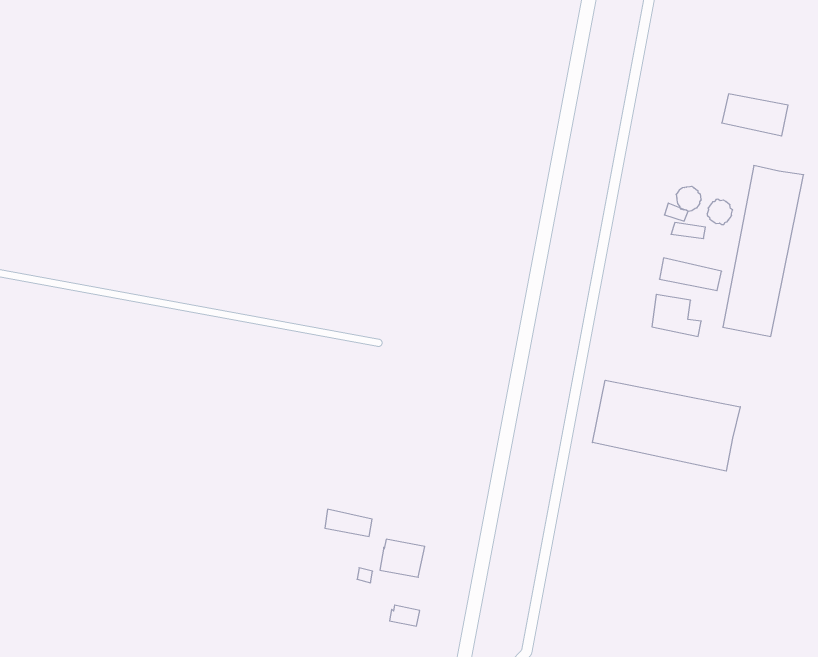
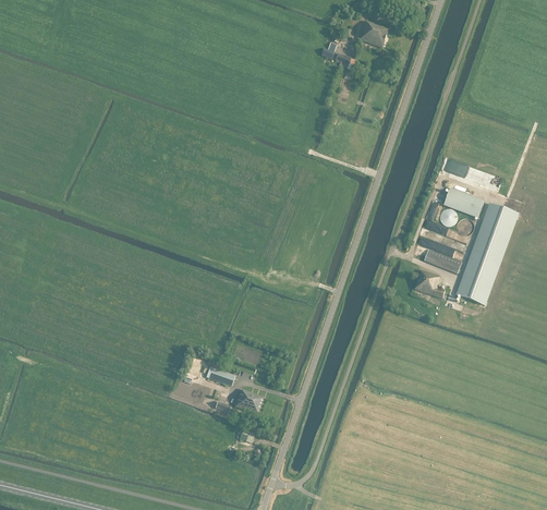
building: [722,94,788,136] -> [441,187,482,217]
building: [592,380,740,471] -> none

